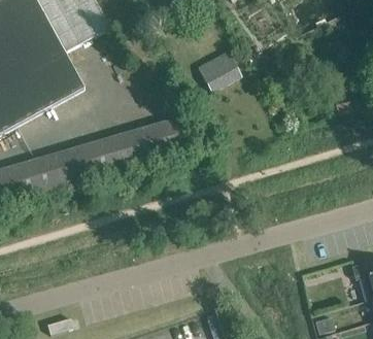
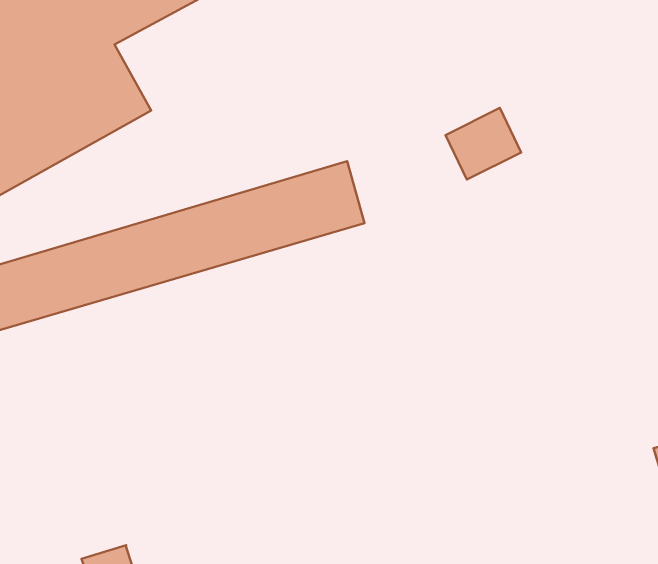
building: [200,47,240,86] -> [445,108,521,180]

